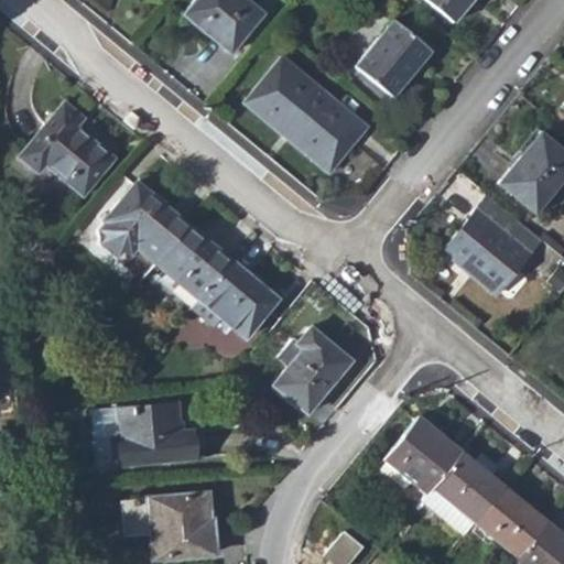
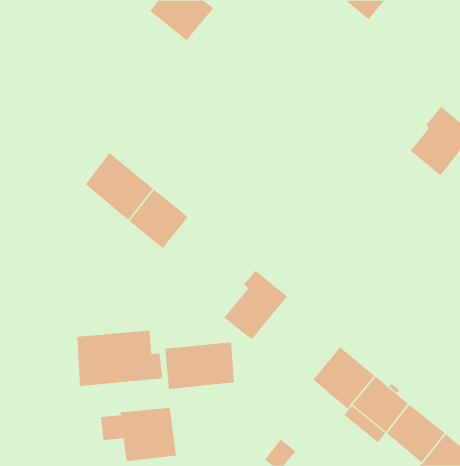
building: [351,21,430,102] -> none
building: [247,57,369,175] -> none
building: [23,105,118,197] -> none
building: [446,195,543,290] -> none
building: [99,223,162,274] -> none
building: [204,262,278,338] -> none
building: none -> [165,342,234,390]

